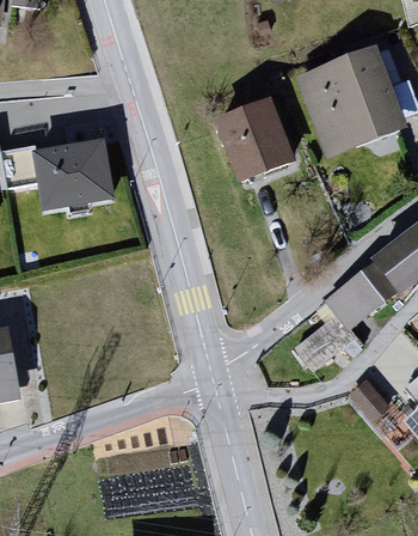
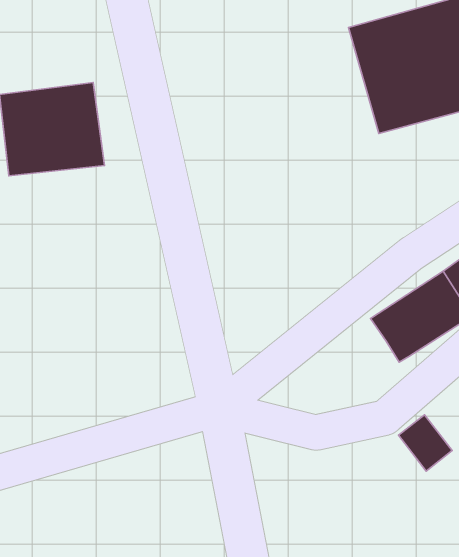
building: [215,98,296,183] -> none
building: [294,318,358,371] -> none

